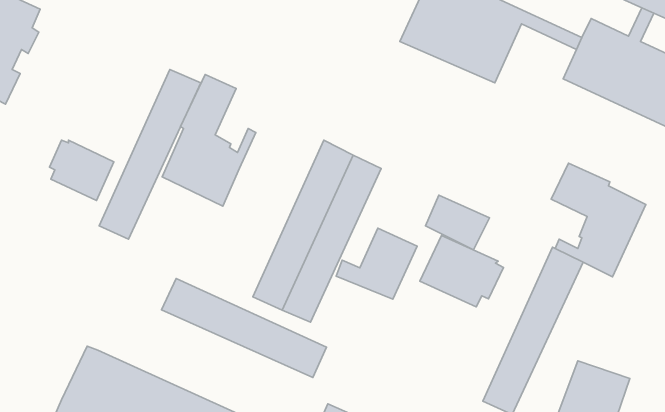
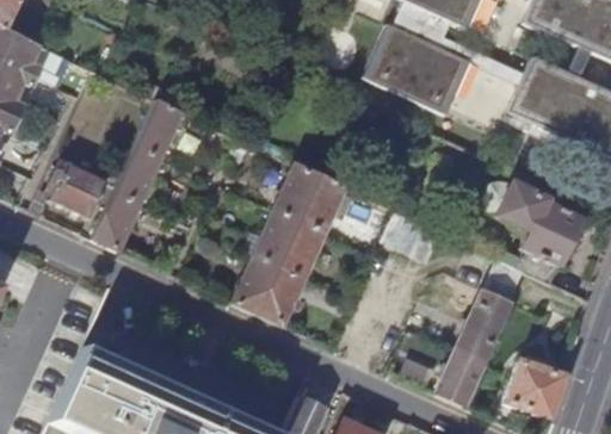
building: [162,75,256,206] -> none
building: [336,228,417,299] -> none
building: [420,235,503,307] -> none
building: [161,279,327,378] -> none

